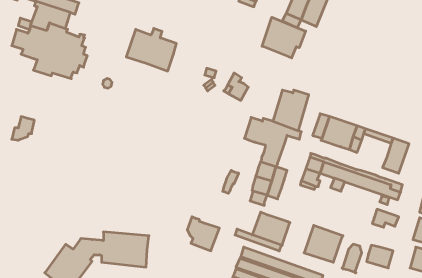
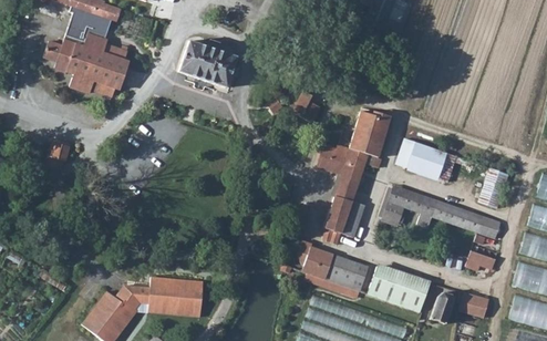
building: [262,17,306,58] -> none
building: [187,217,219,251] -> [297,240,334,280]
building: none -> [368,264,396,301]

